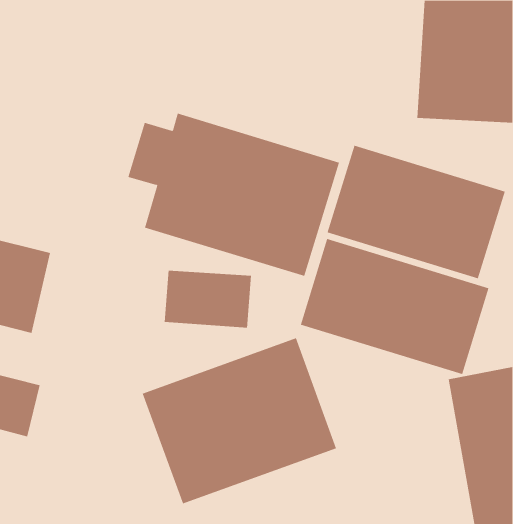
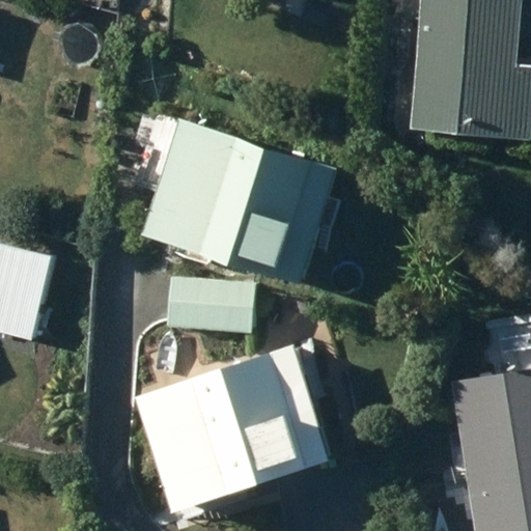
building: [327,145,505,279] -> none
building: [300,238,489,375] -> none

